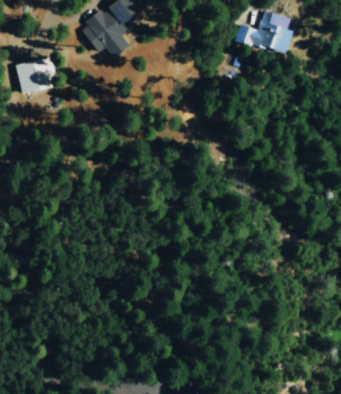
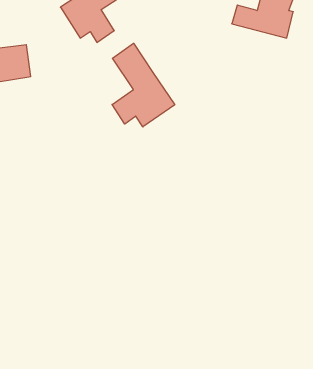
building: none -> [112,43,175,127]

